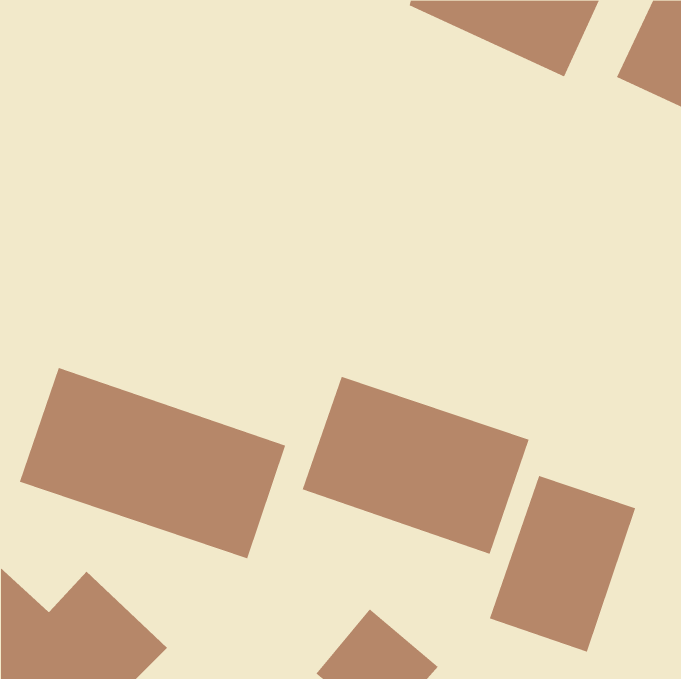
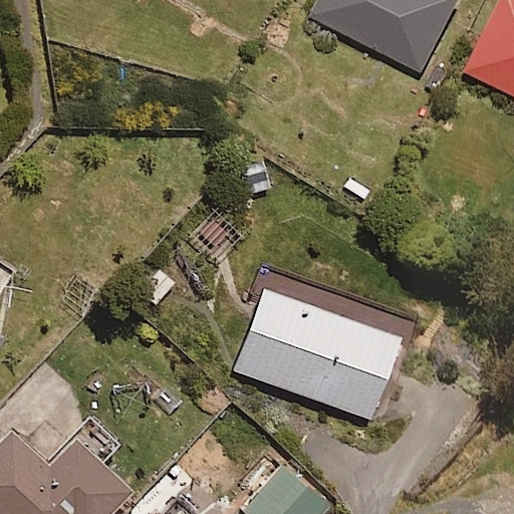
building: [19,367,286,559] -> none
building: [489,475,636,652] -> none

